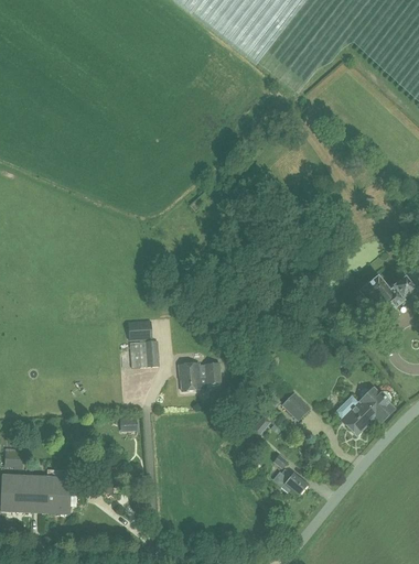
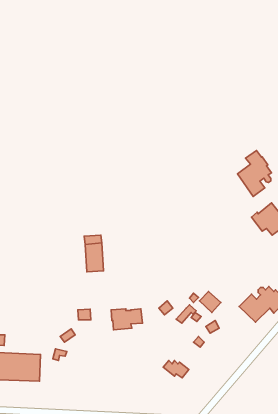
building: none -> [238,150,271,196]
building: [179,362,221,390] -> [111,309,142,330]
building: [272,470,307,494] -> [163,360,189,378]

